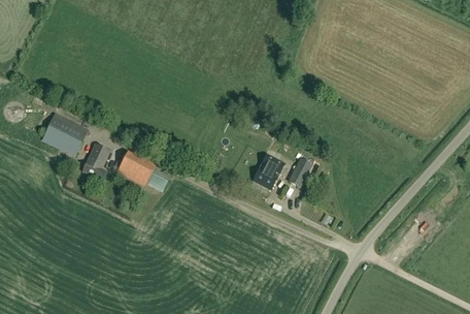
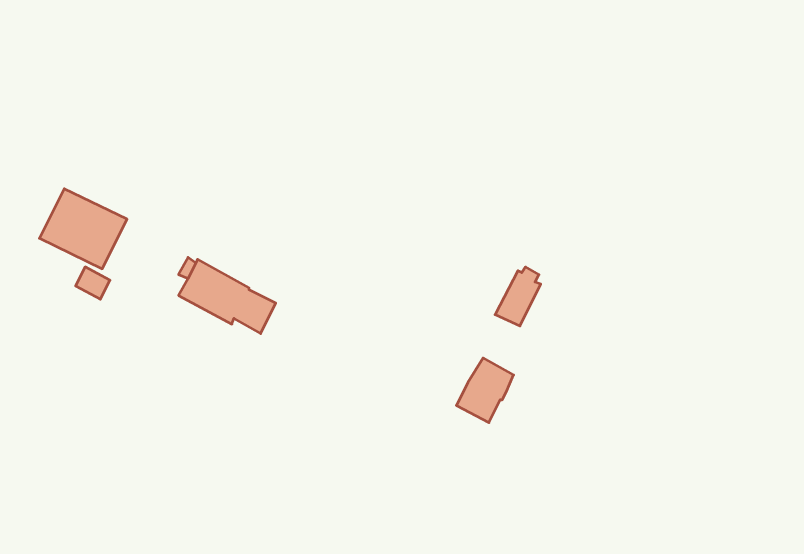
building: [83,144,110,178] -> none
building: [254,154,284,189] -> [456,358,514,423]

